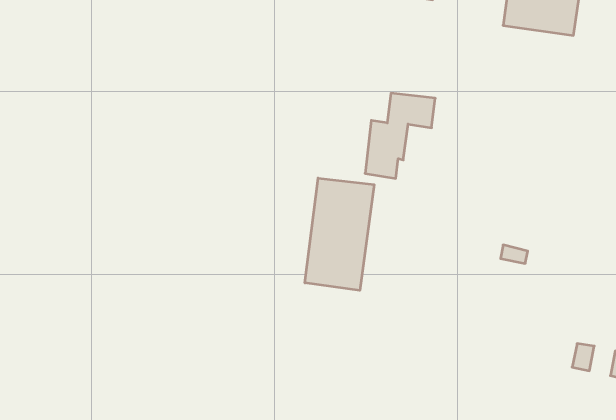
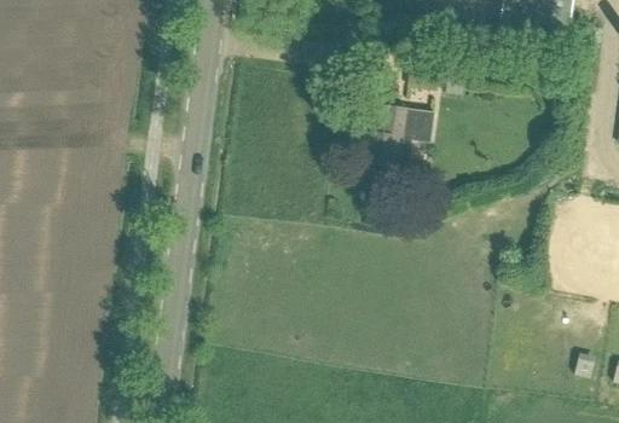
building: [305,178,374,290] -> none

